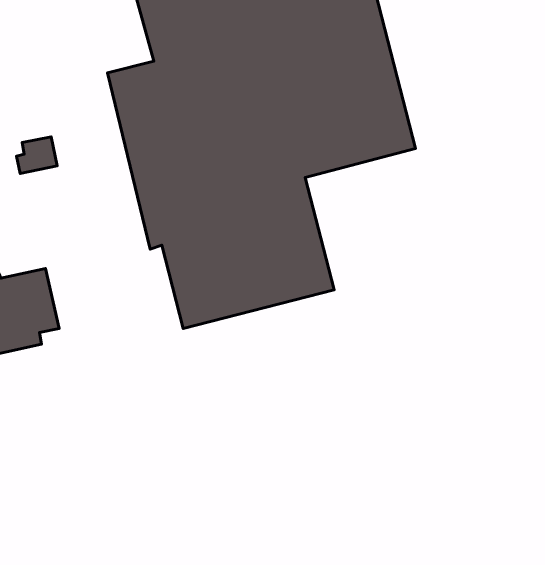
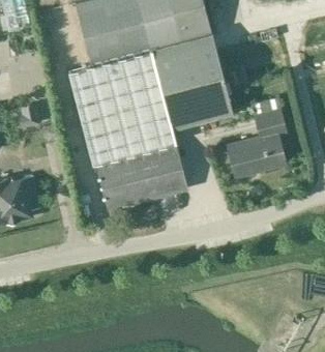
building: none -> [227,98,286,177]

